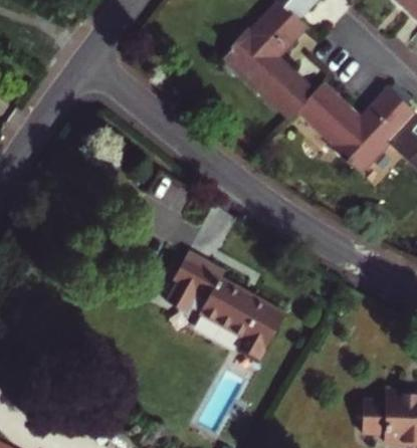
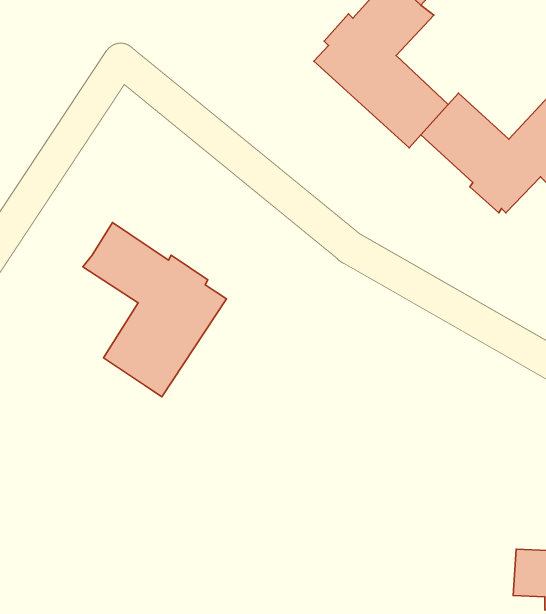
building: none -> [83,223,227,397]
building: [166,250,285,361] -> none

